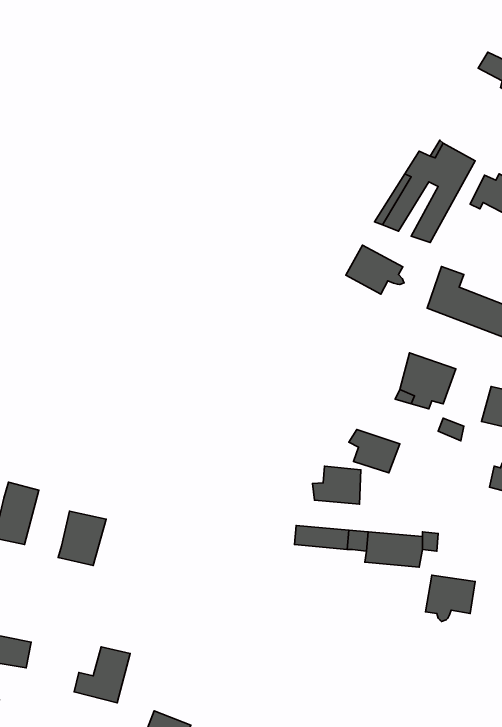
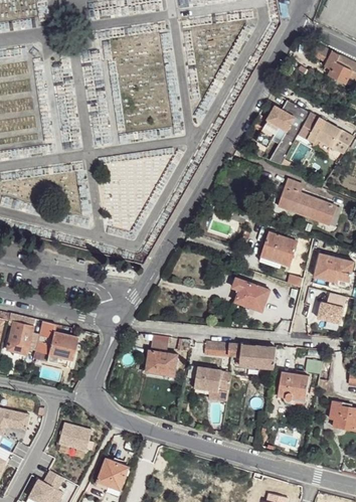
building: [346,245,404,294] -> none
building: [312,466,361,504] -> none
building: none -> [35,321,56,354]
building: none -> [146,350,176,375]
building: none -> [196,367,232,401]

